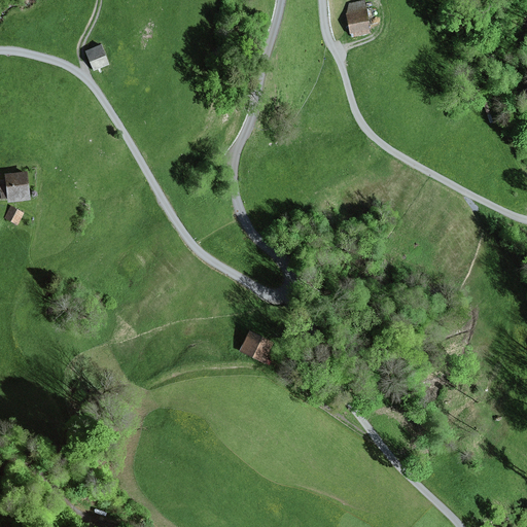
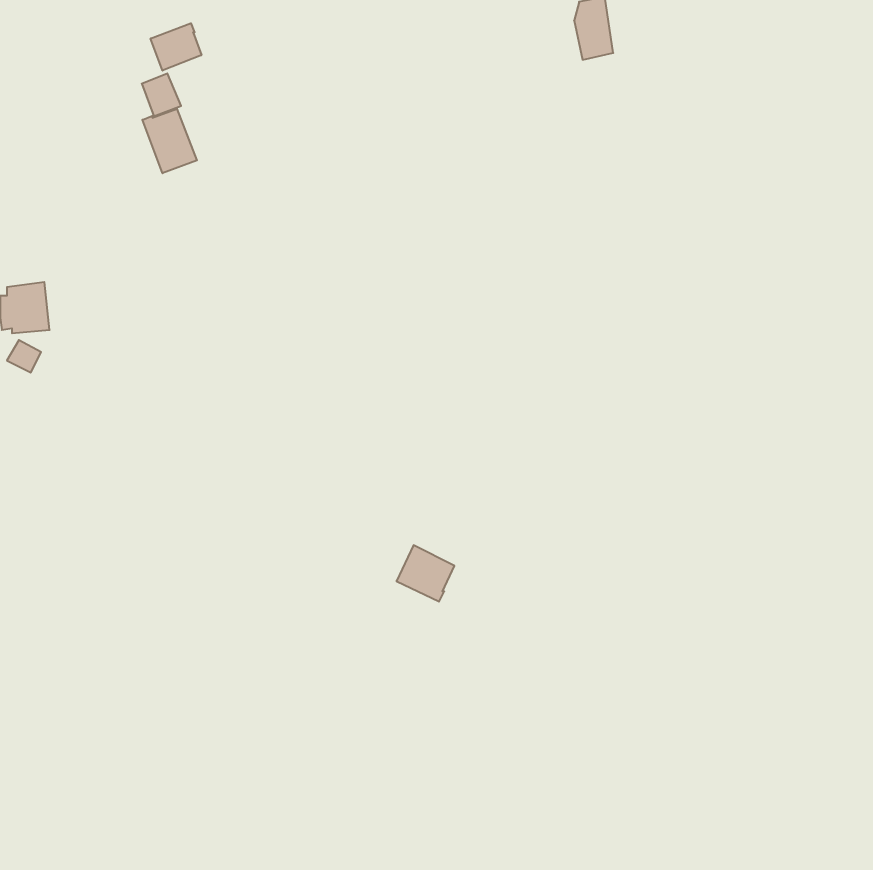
building: none -> [151,23,201,71]
building: none -> [142,109,197,173]

